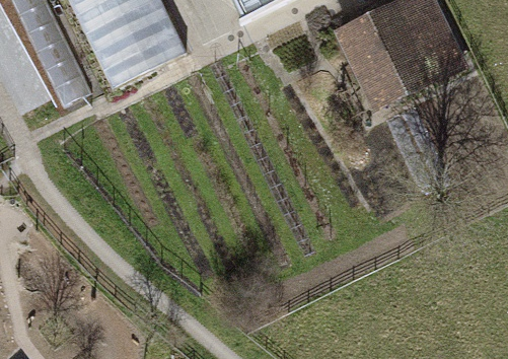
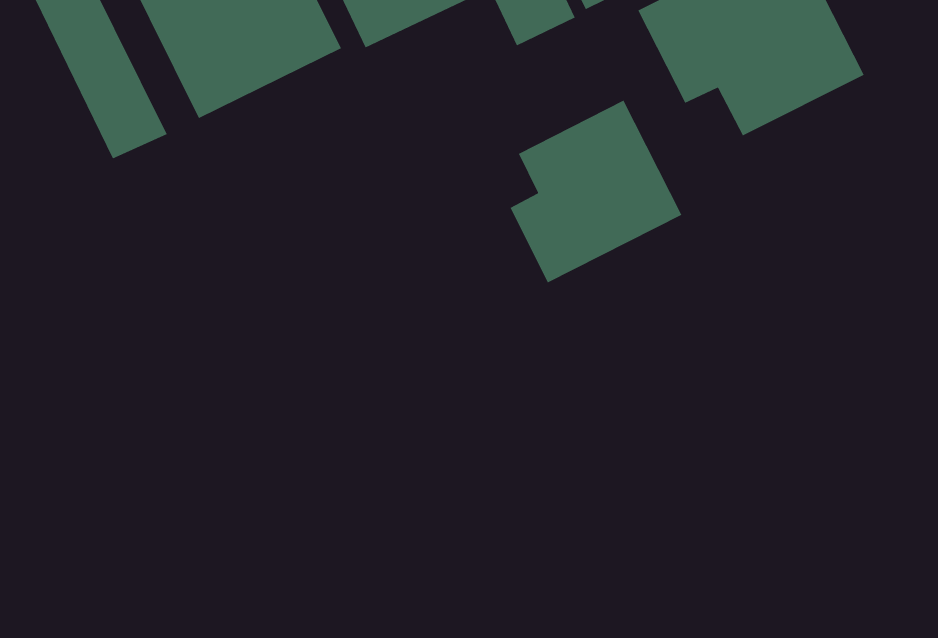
building: none -> [509,99,683,283]

